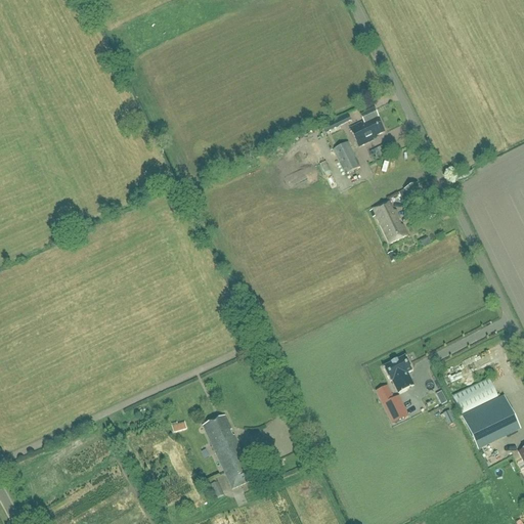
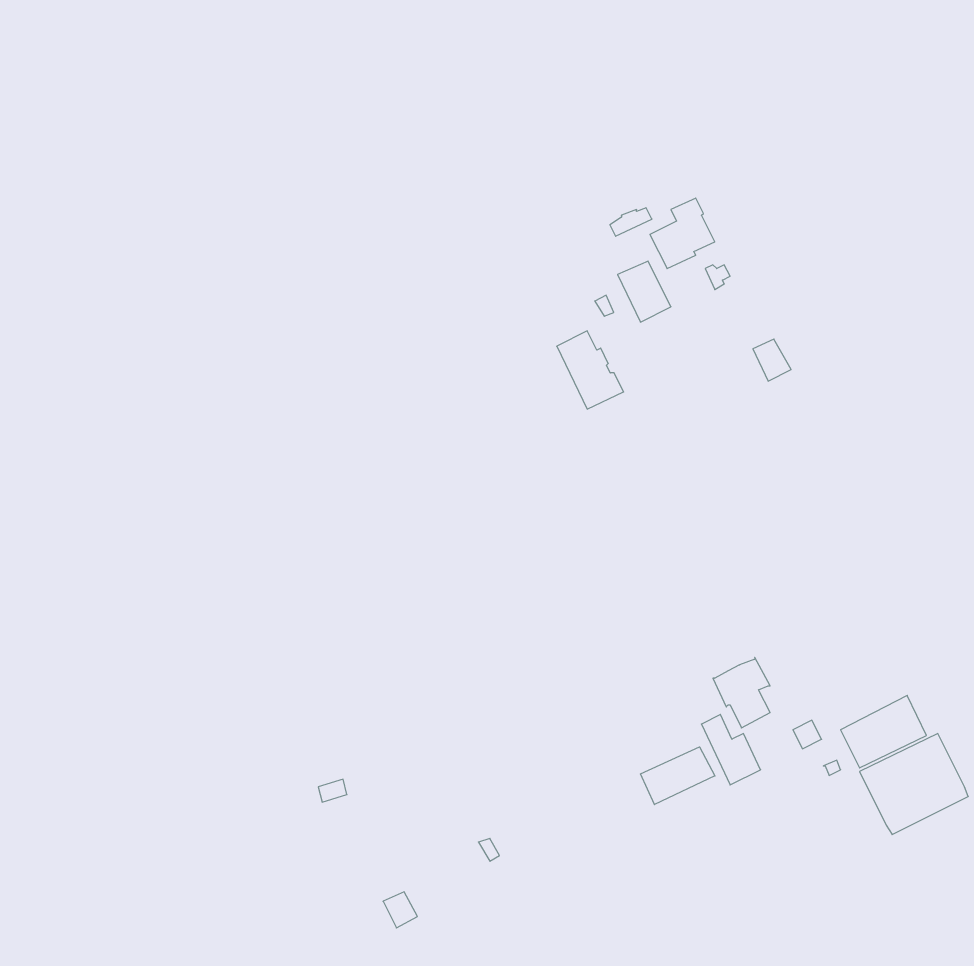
building: [372,200,407,242] -> [557,331,624,409]
building: none -> [641,747,715,805]
building: [203,412,253,487] -> none

